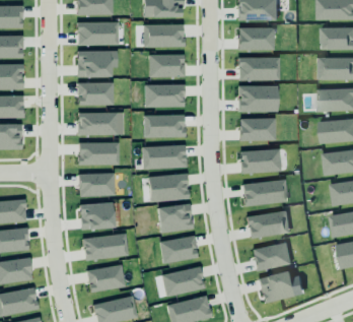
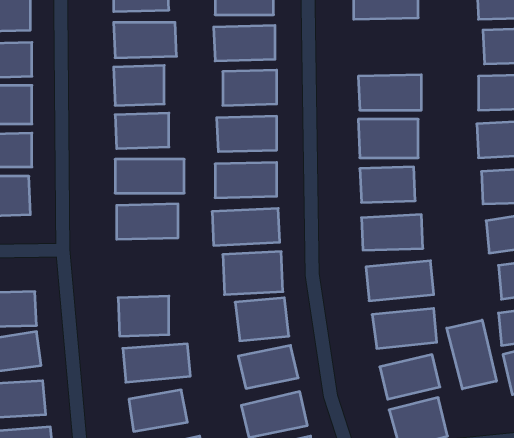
building: [238,27,274,50] -> none
building: [77,171,115,195] -> none
building: none -> [447,320,496,389]

